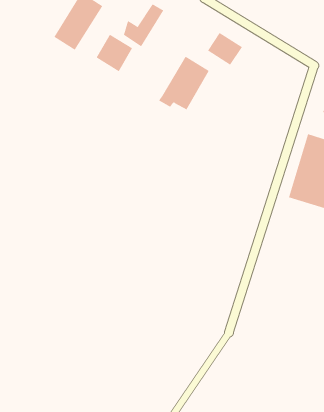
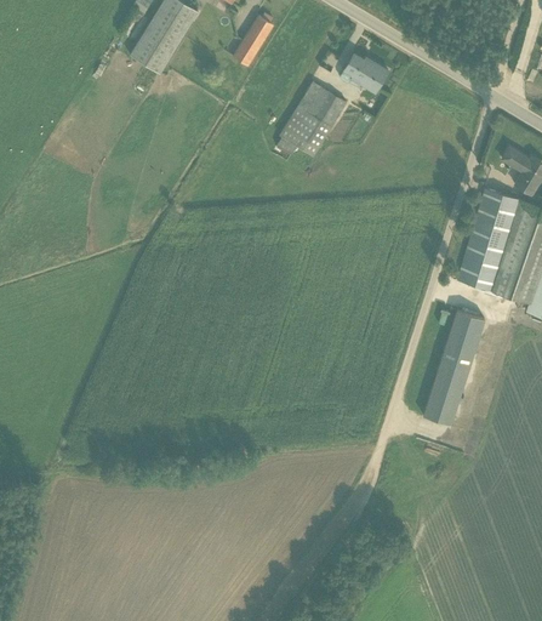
building: [96,34,133,72] -> none
building: none -> [422,310,486,425]

